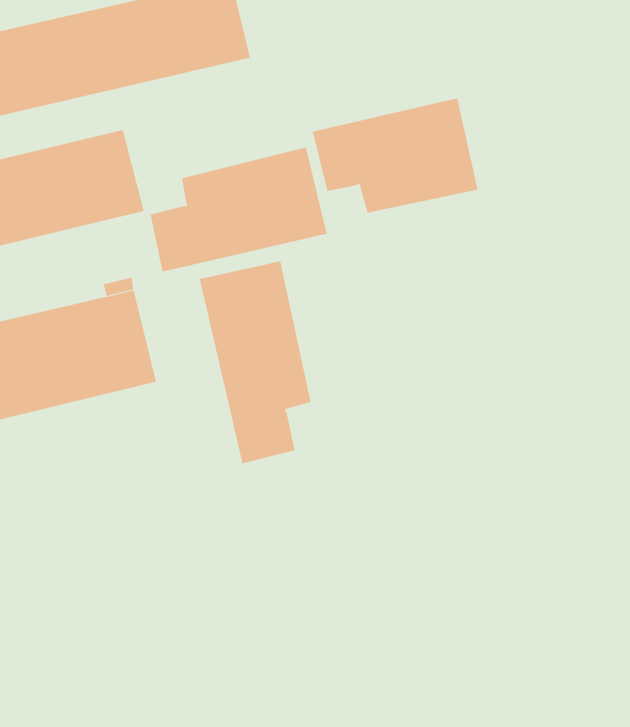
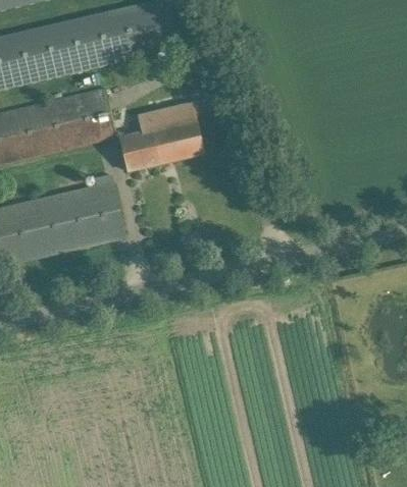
building: [312,98,478,213] -> none
building: [199,260,311,464] -> none

